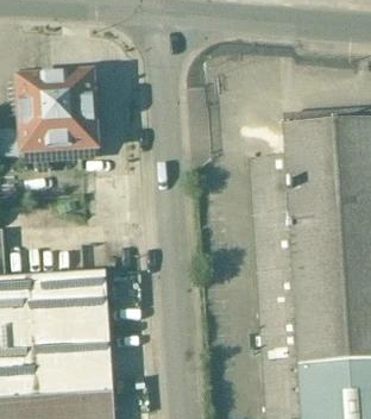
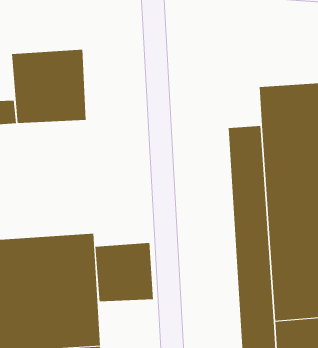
building: none -> [95,242,154,302]

